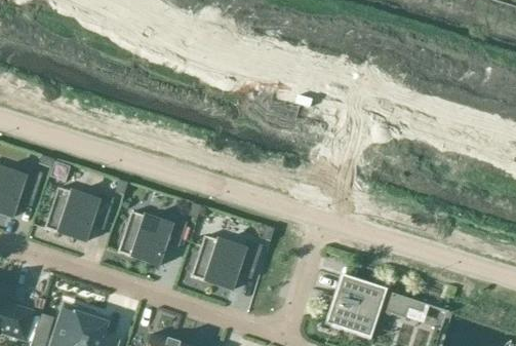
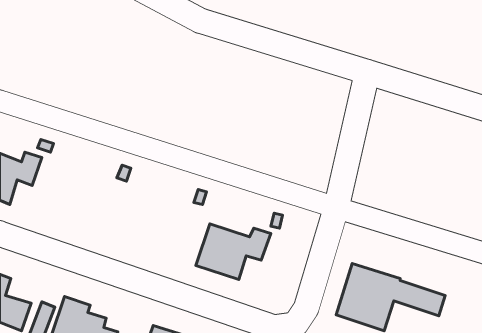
building: [45,186,115,240] -> none
building: [119,210,188,265] -> none

